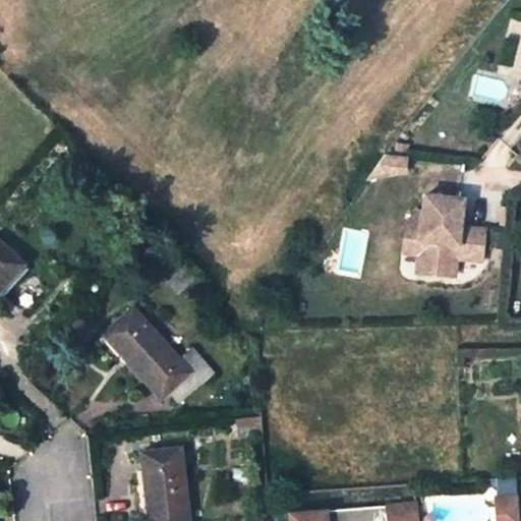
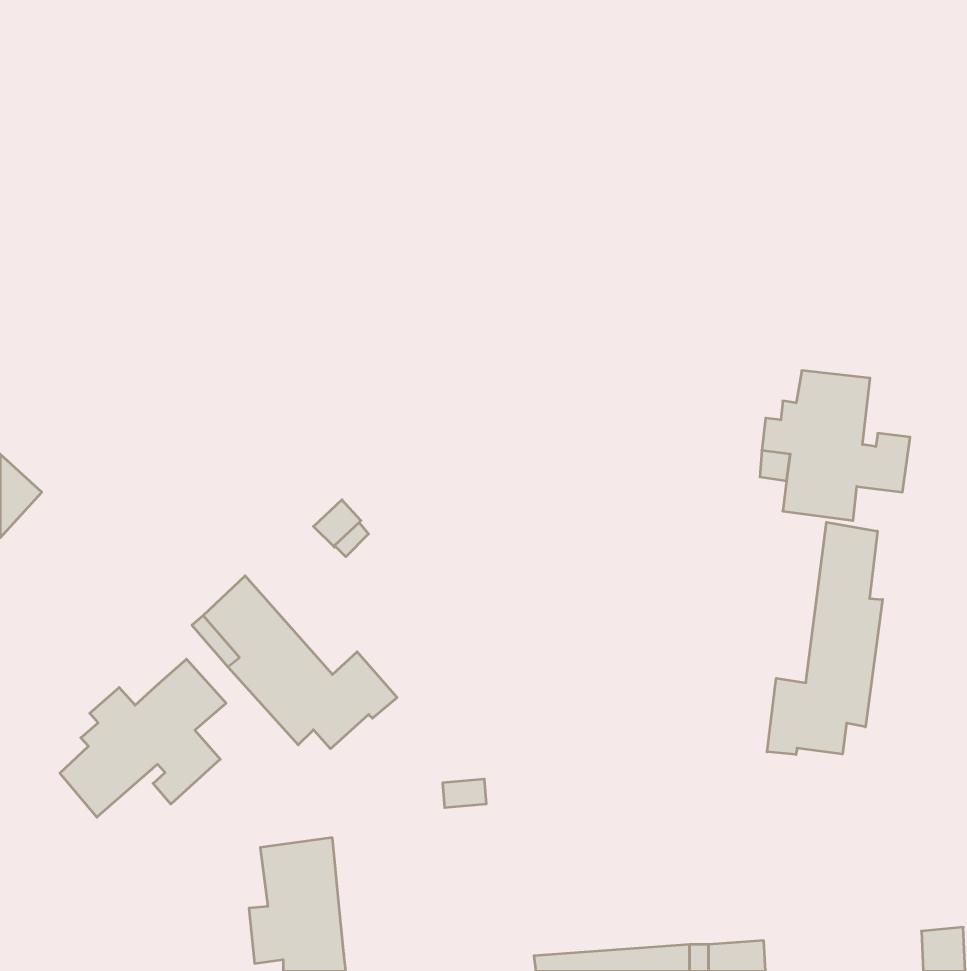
building: none -> [767,522,883,755]
building: none -> [60,659,226,817]

